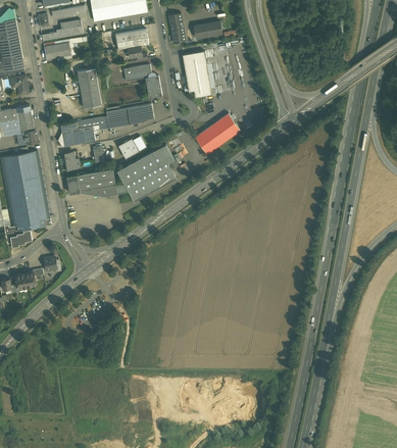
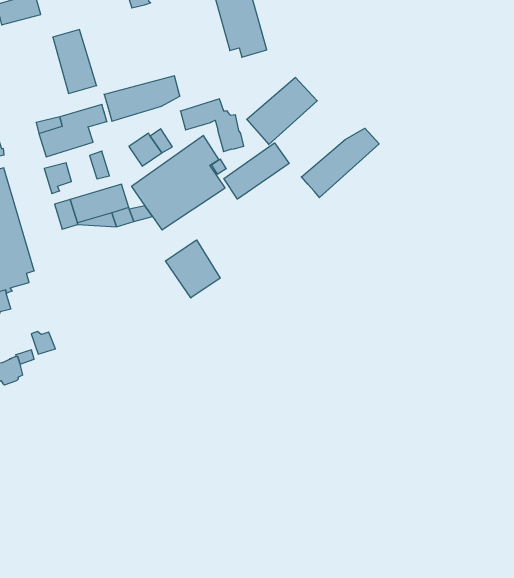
building: [123,64,161,98] -> [180,99,244,152]
building: none -> [301,128,379,198]
building: none -> [224,143,289,199]
building: none -> [166,240,220,298]

